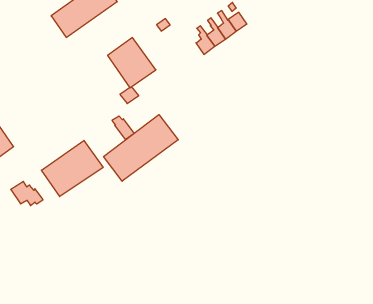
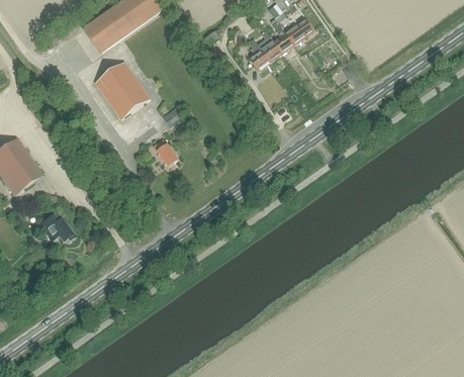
building: [108,38,156,88] -> [95,63,150,119]
building: [104,115,178,181] -> none
building: [41,140,103,197] -> none

